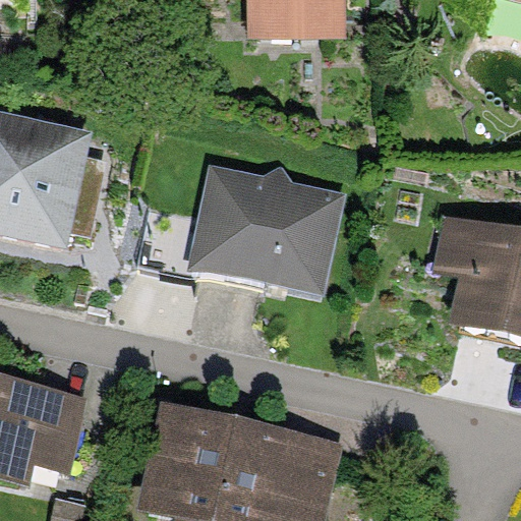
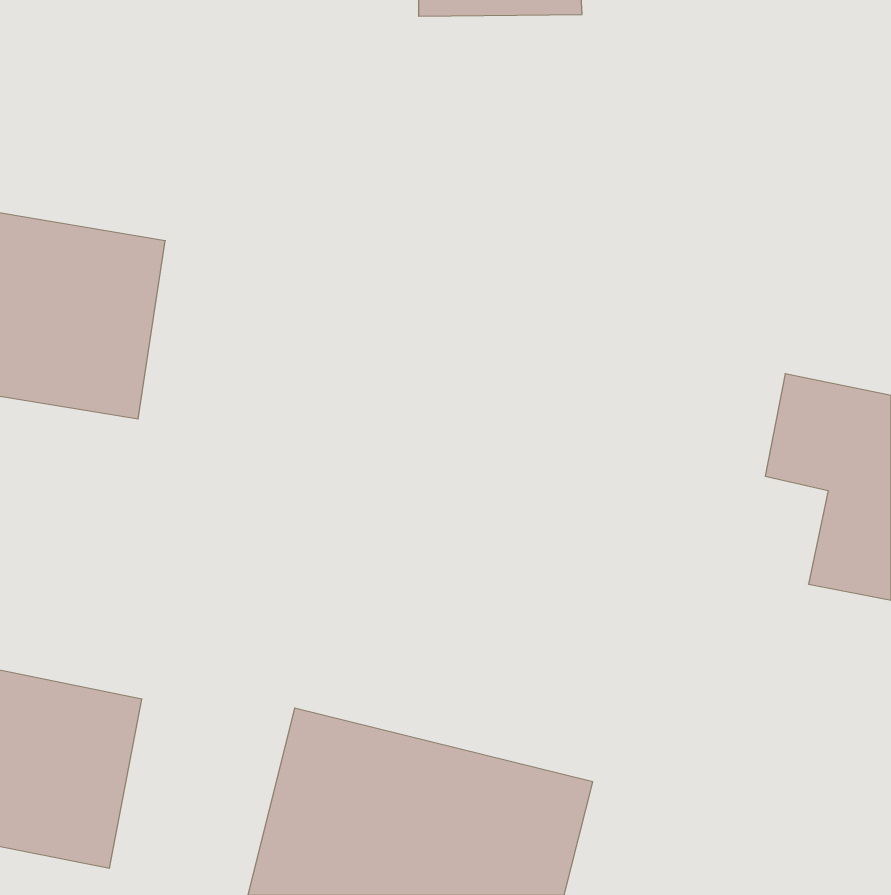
building: [191,168,346,295] -> none

